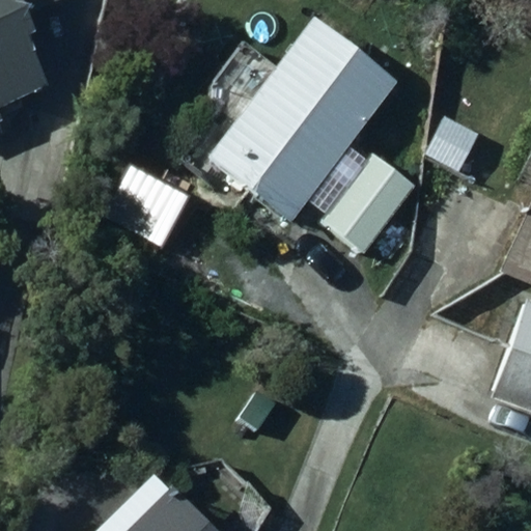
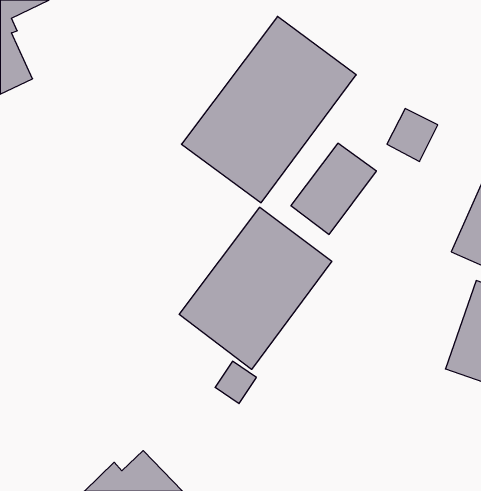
building: none -> [179,207,332,369]

